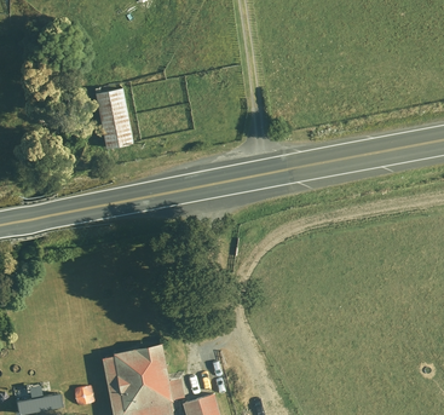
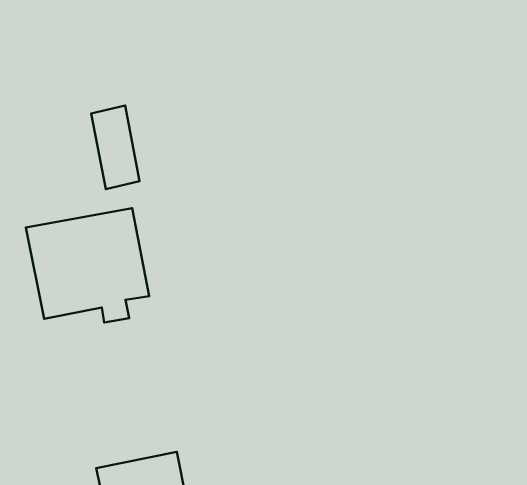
building: none -> [26,208,149,322]

